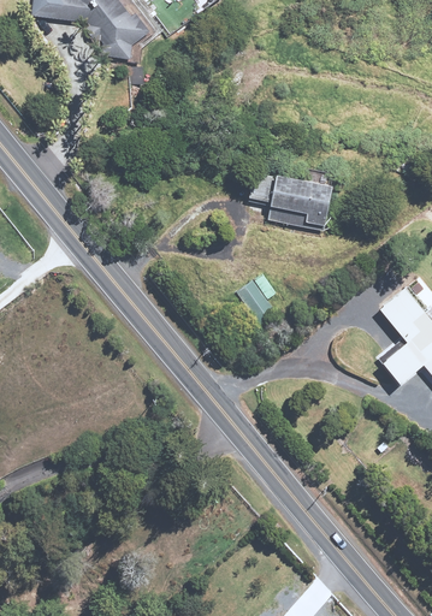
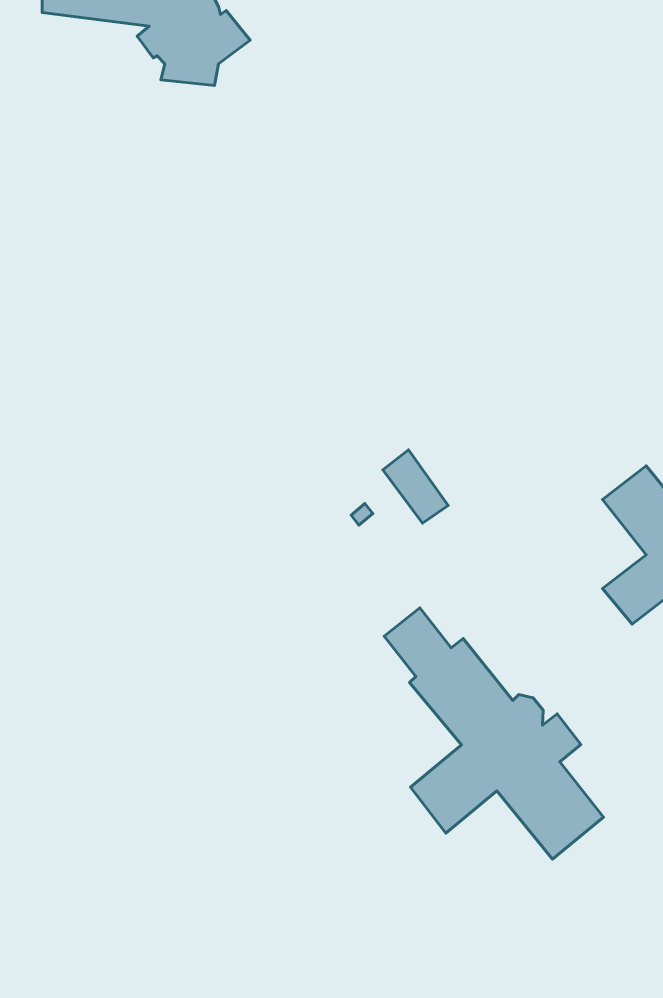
building: [256,173,344,231] -> none
building: none -> [384,608,603,859]

